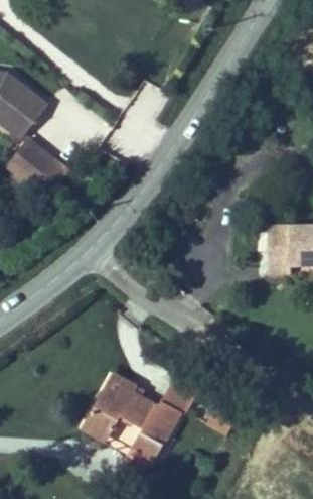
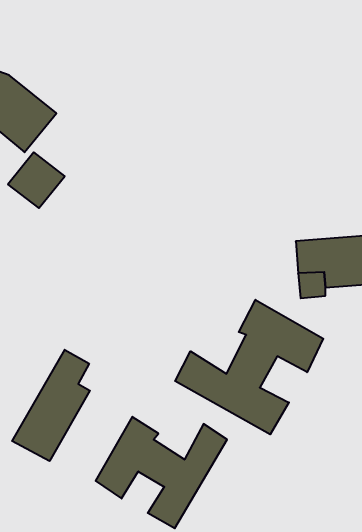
building: none -> [175,300,323,434]
building: none -> [12,350,90,461]

